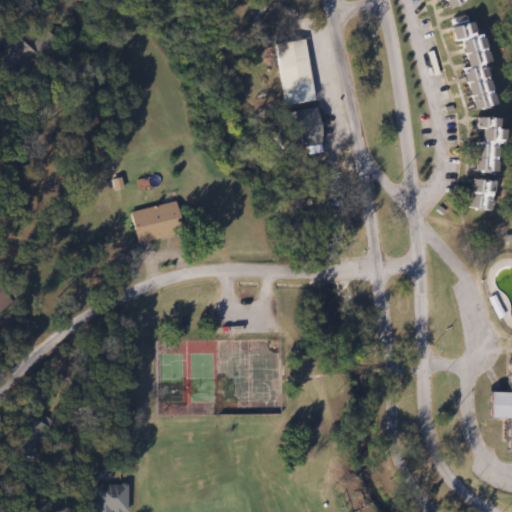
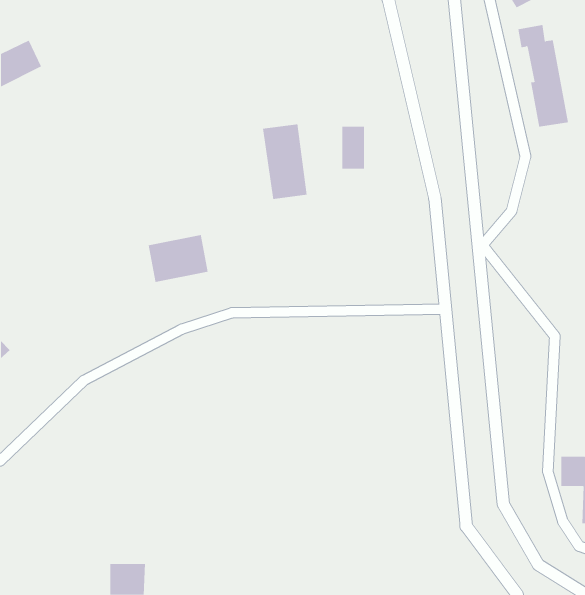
building: [280,39,319,104] -> [262,124,308,200]
building: [475,118,502,174] -> none
building: [470,180,494,210] -> none

